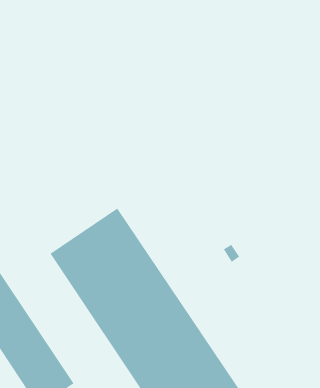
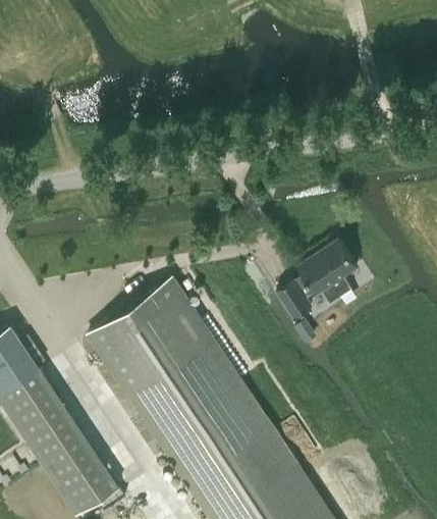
building: none -> [277,241,358,319]

